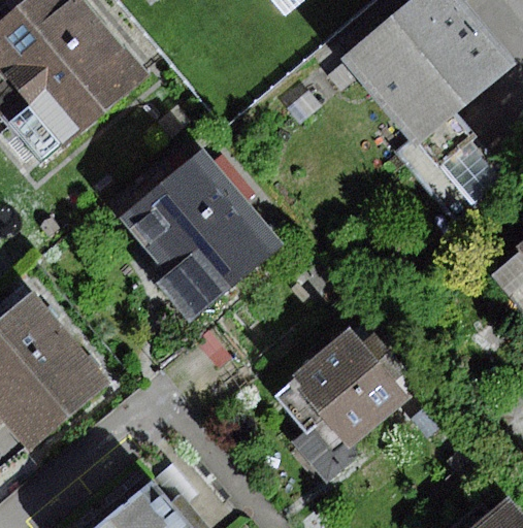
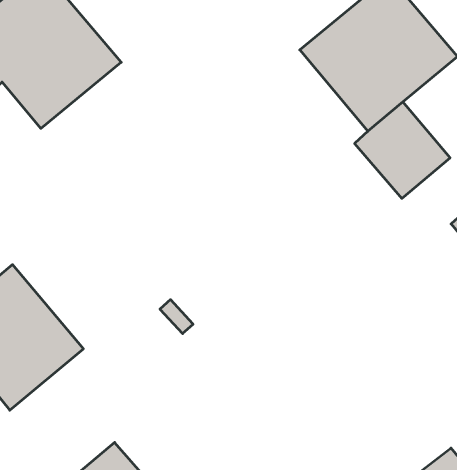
building: [121,151,280,319] -> none
building: [269,328,406,450] -> none

